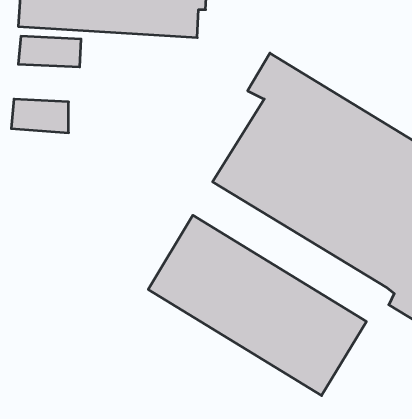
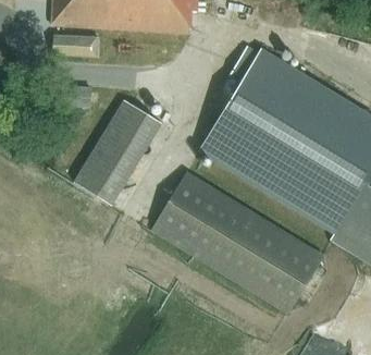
building: none -> [70,98,160,206]

